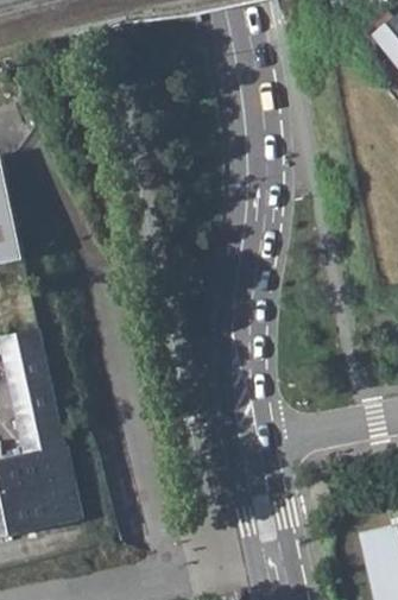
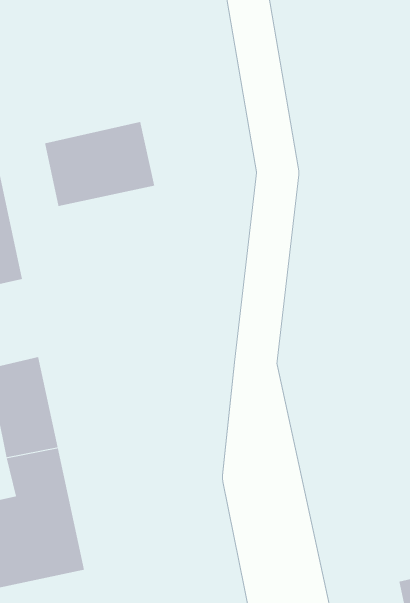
building: none -> [44,121,155,207]

